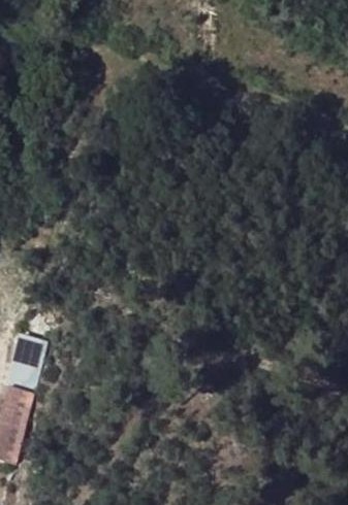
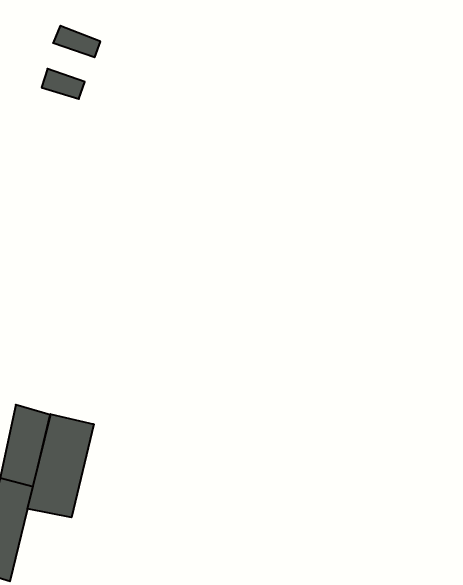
building: none -> [28,414,94,517]

